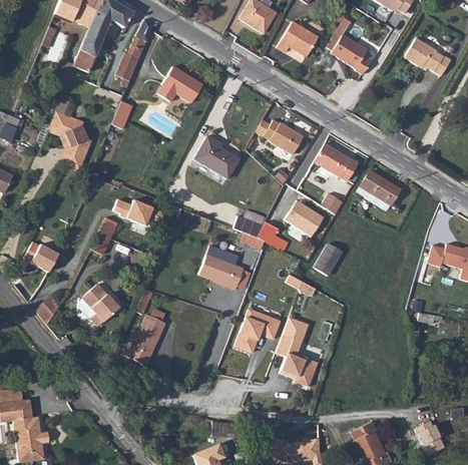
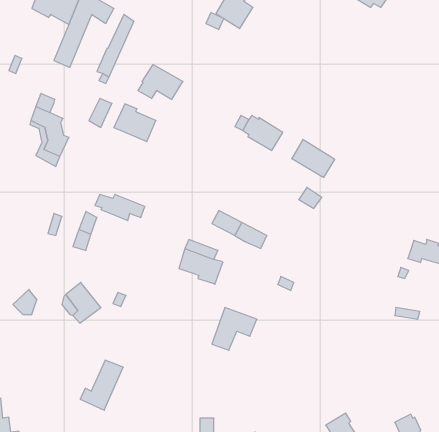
building: [272,22,313,57] -> none
building: [324,34,362,73] -> none
building: [397,36,443,74] -> none
building: [199,136,242,174] -> [114,104,156,142]
building: [359,172,404,212] -> none
building: [283,198,323,236] -> none
building: [31,244,59,271] -> none
building: [317,245,344,278] -> none
building: [121,314,164,364] -> [80,360,123,410]
building: [279,321,321,389] -> none

